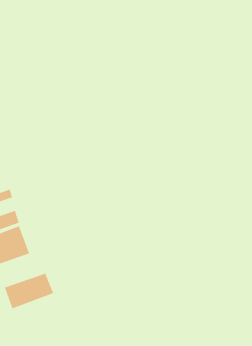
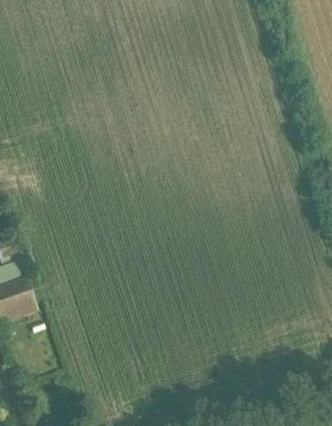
building: [4,273,54,309] -> none

